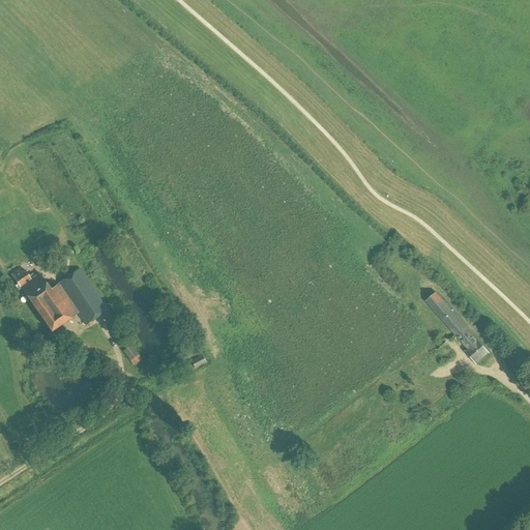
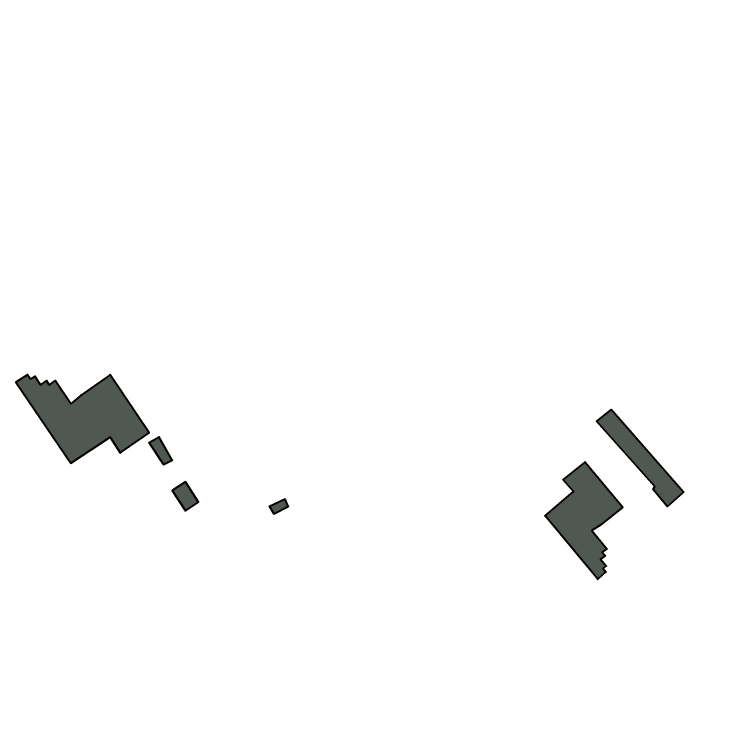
building: none -> [545,462,623,579]

